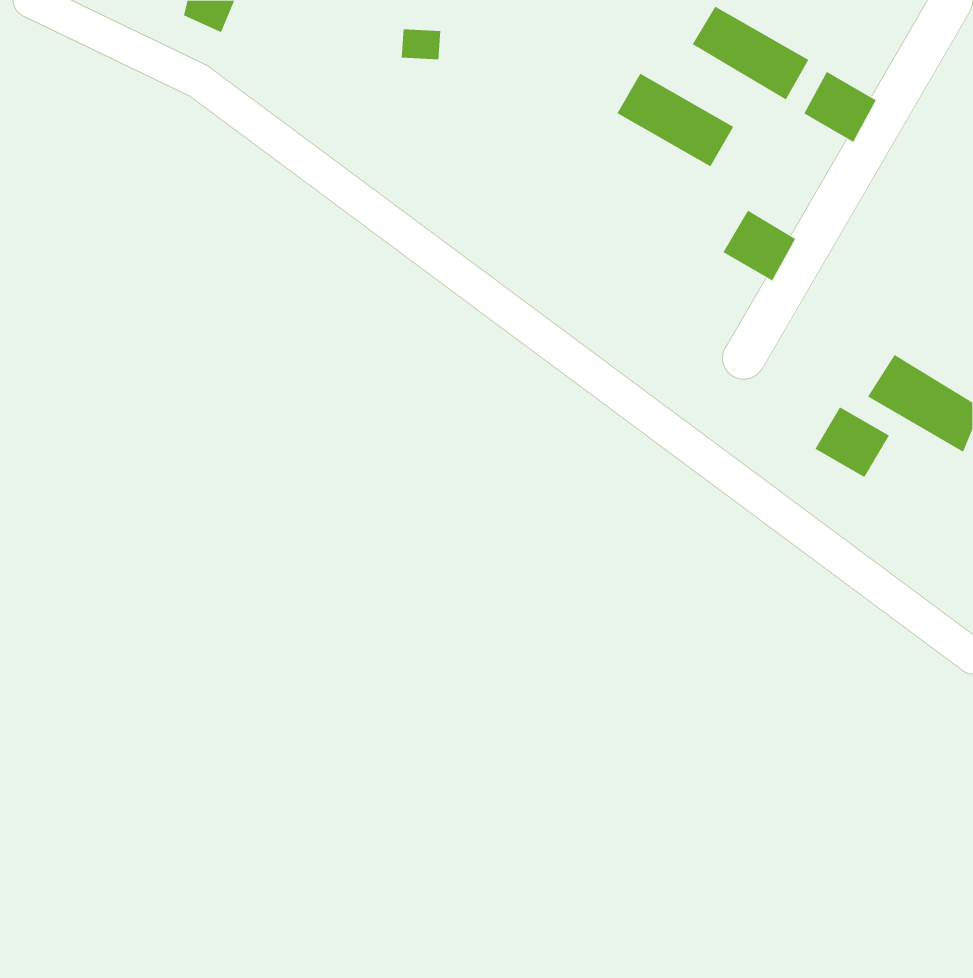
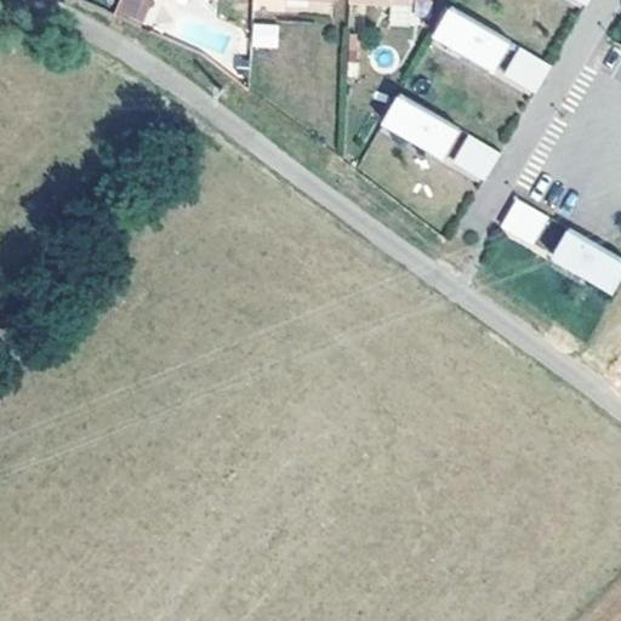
building: [617,73,734,167] -> [384,95,458,154]
building: [815,407,890,478] -> [500,199,547,244]

